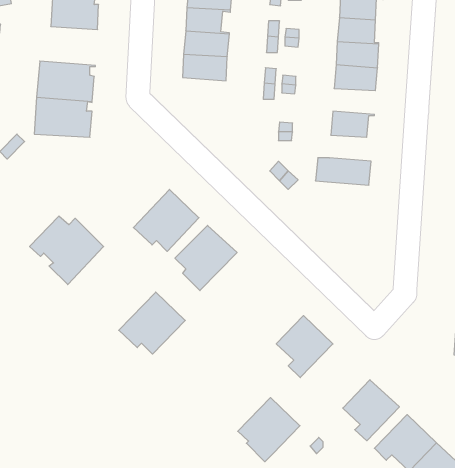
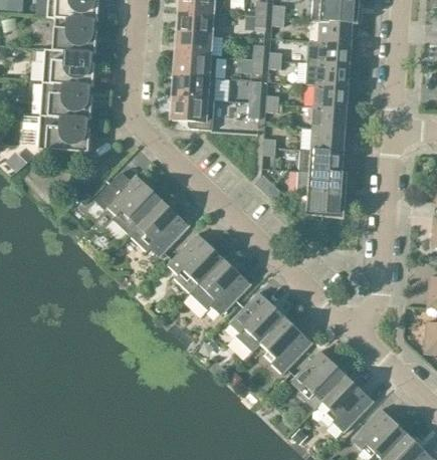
building: none -> [42,48,95,84]
building: none -> [172,95,214,129]
building: none -> [312,105,352,130]
building: none -> [298,148,348,173]
building: none -> [305,192,346,223]
building: [30,216,104,285] -> [93,171,162,234]
building: none -> [228,290,285,351]
building: [119,292,185,354] -> [190,257,251,314]
building: [238,398,300,462] -> [289,349,347,408]

